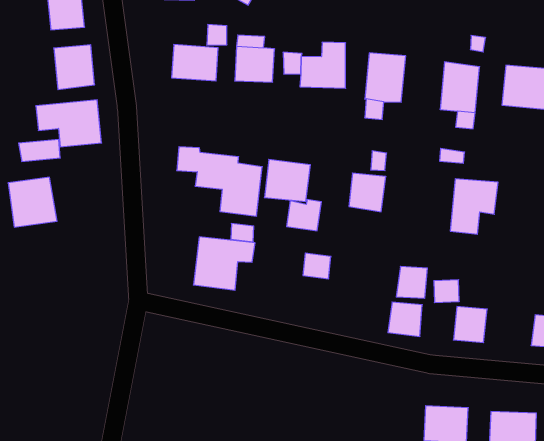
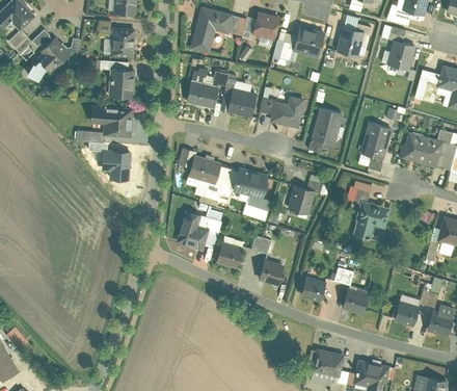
building: [8,177,57,227] -> [102,149,131,180]
building: [396,266,427,298] -> [259,260,283,284]
building: none -> [215,241,241,268]

